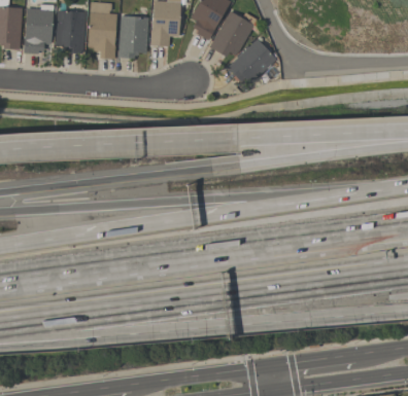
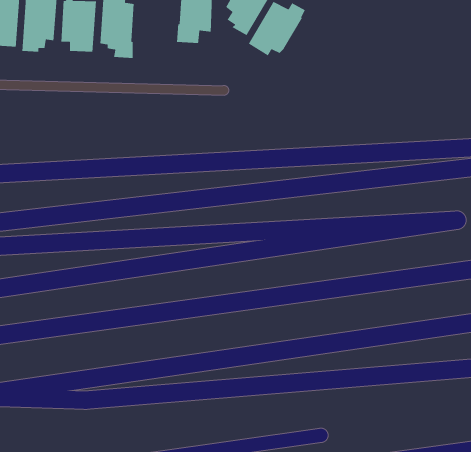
building: [118,15,148,59] -> none
building: [227,39,276,83] -> none

